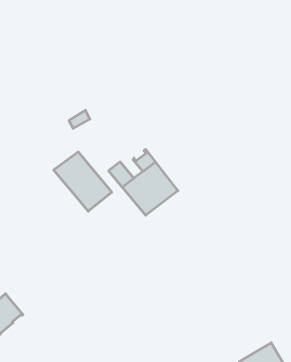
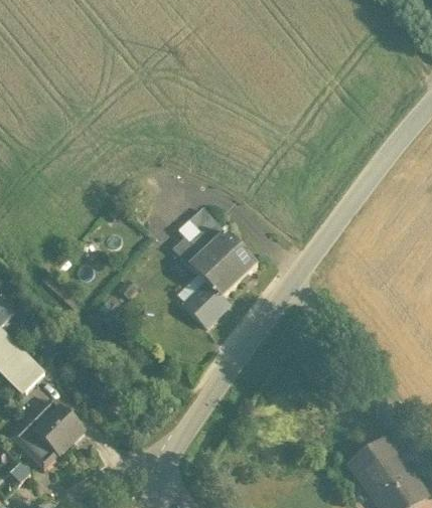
building: [54,152,112,211] -> none
building: none -> [184,282,229,326]

